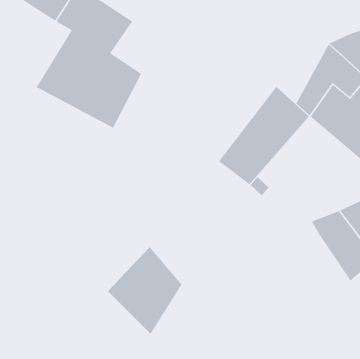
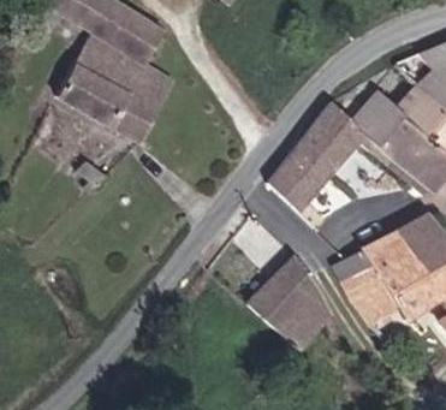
building: none -> [344,263,410,337]
building: [107,246,183,335] -> [246,259,329,356]

